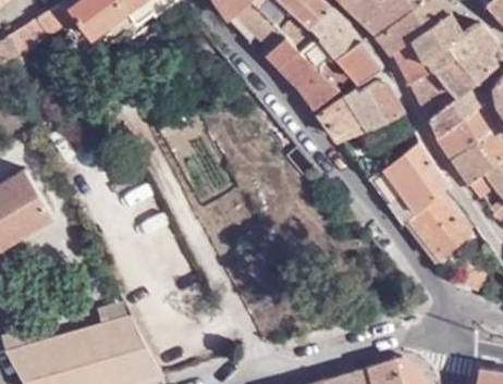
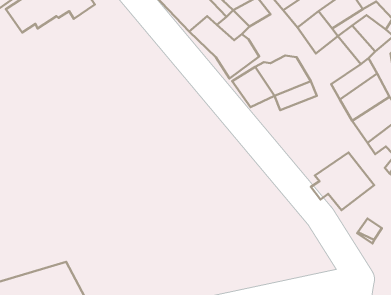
building: [335,36,381,83] -> none
building: [410,61,462,115] -> none
building: [366,141,451,224] -> none

